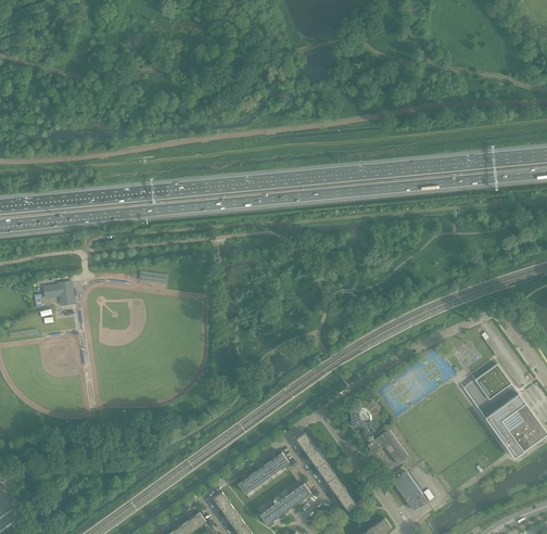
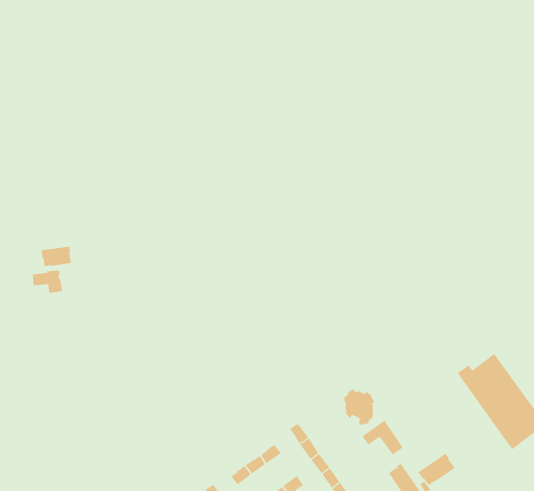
building: none -> [41,246,72,267]
building: none -> [417,453,455,486]

